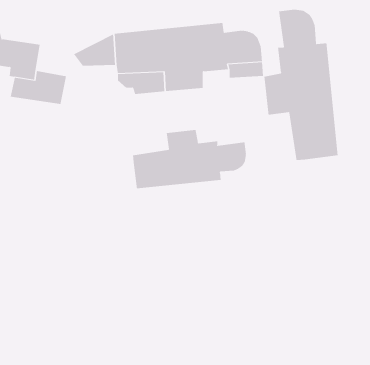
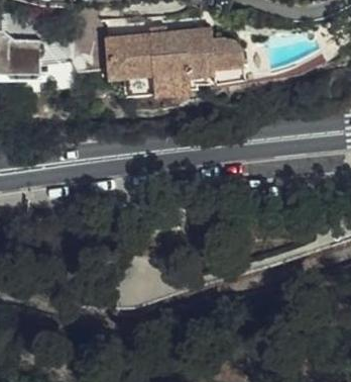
building: [264,9,338,161] -> none
building: [132,129,246,189] -> none

